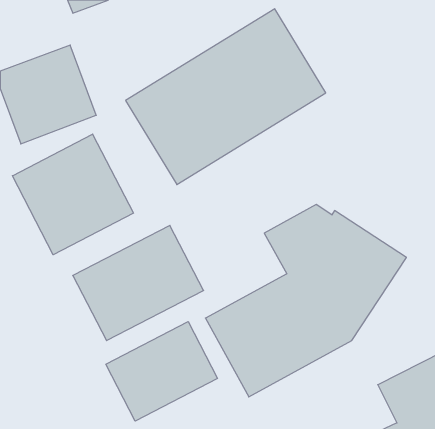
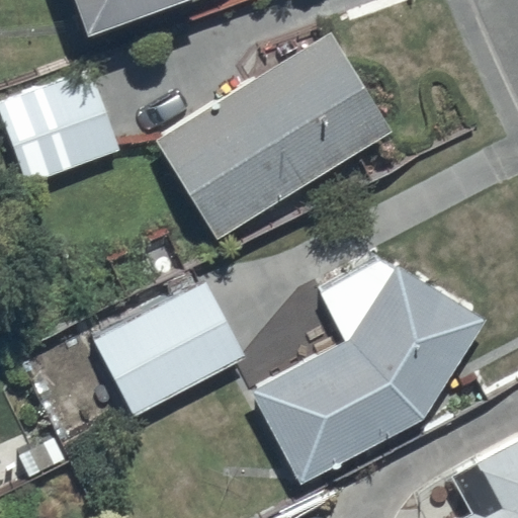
building: [12,134,133,255] -> none
building: [106,322,217,421] -> none

